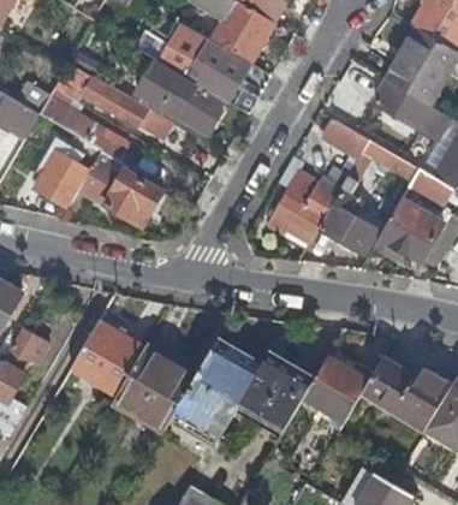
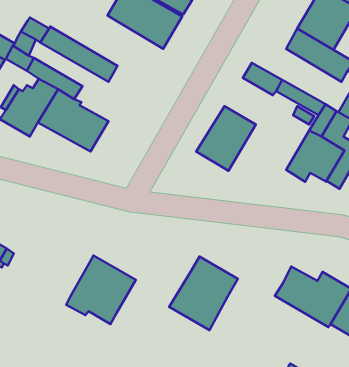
building: [137,59,227,135] -> none
building: [321,191,376,251] -> none
building: [70,321,144,397] -> none
building: [172,339,261,442] -> none
building: [304,356,370,421] -> none

